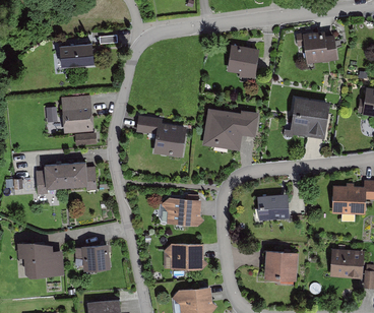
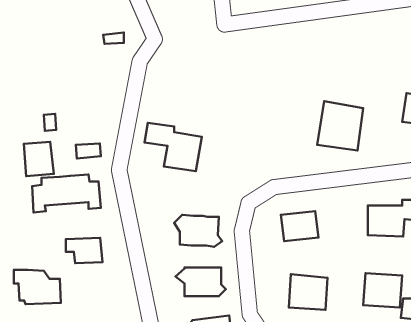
building: [297,32,337,62] -> none
building: [59,43,94,66] -> none
building: [227,44,259,78] -> none
building: [64,99,90,129] -> [24,142,54,176]
building: [202,107,259,151] -> none
building: [76,246,109,268] -> [66,238,103,263]

